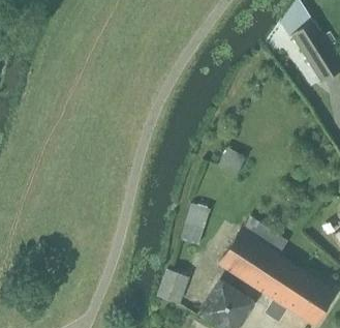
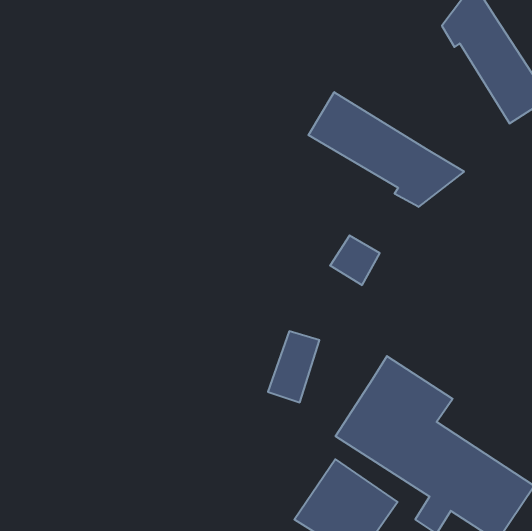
building: none -> [308,92,464,207]
building: [156,268,189,303] -> none

